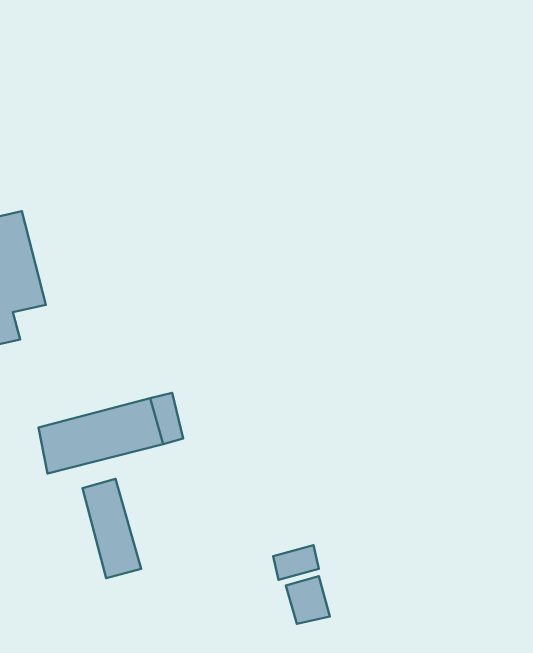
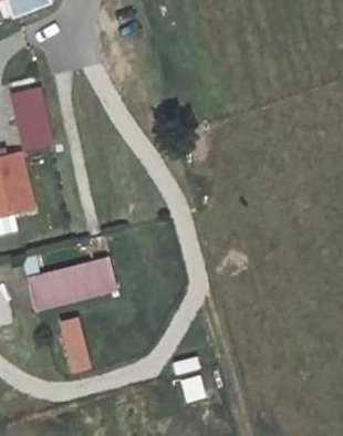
building: none -> [12,86,53,148]

